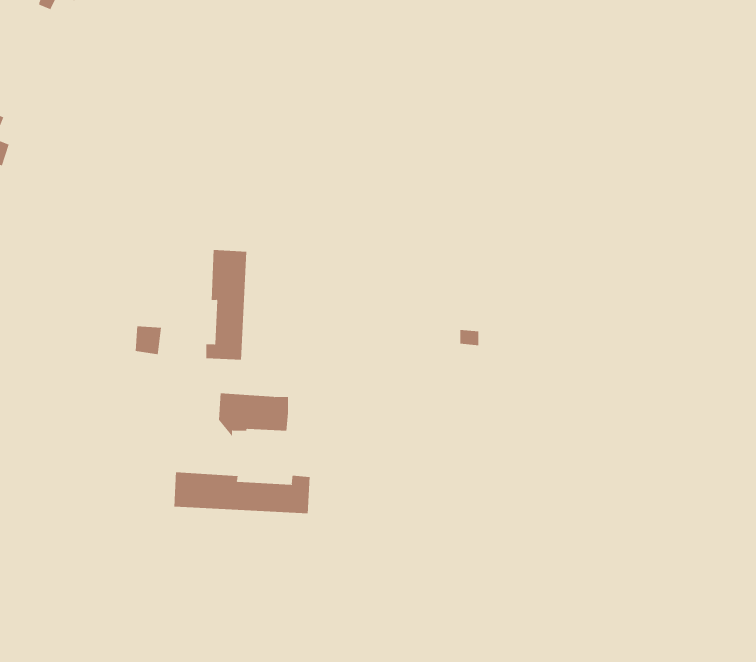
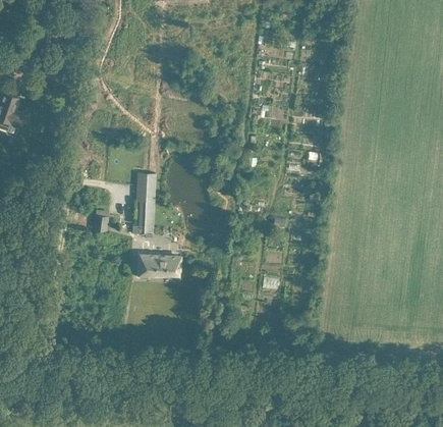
building: [174,471,310,514] -> none

